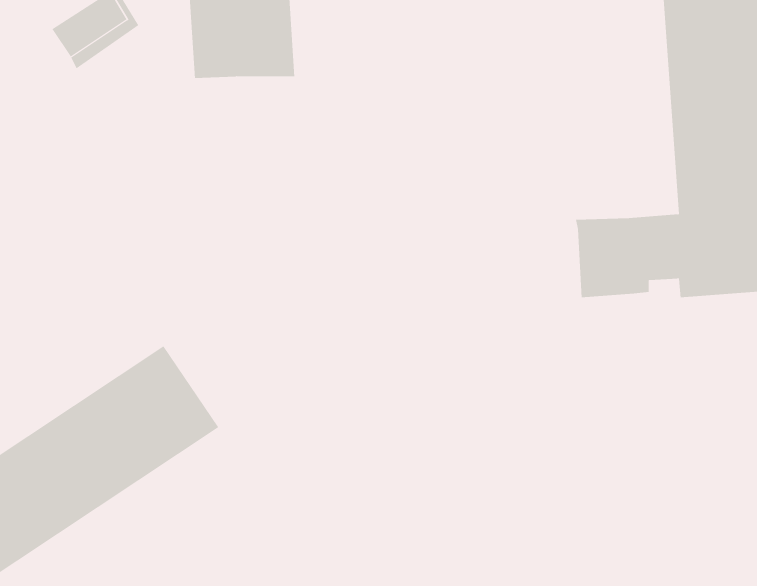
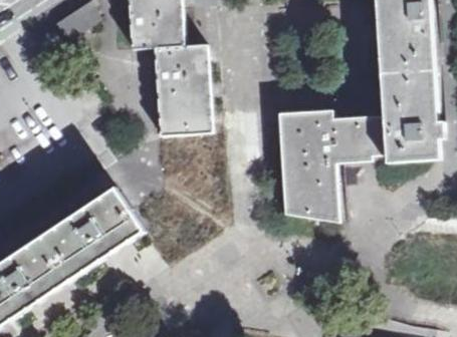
building: none -> [153,43,211,137]
building: none -> [278,112,338,222]

